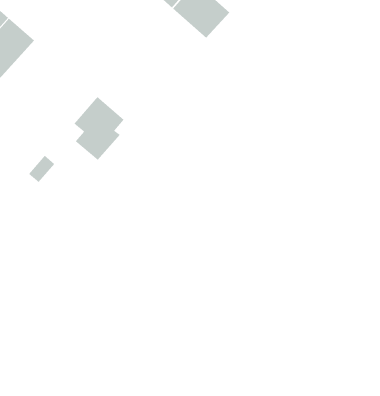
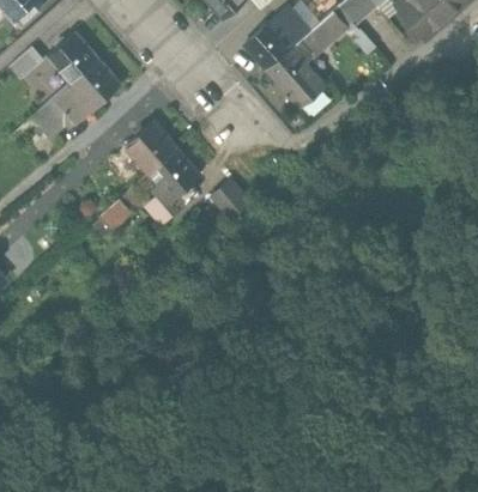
building: none -> [125,120,176,172]
building: none -> [205,176,243,215]

